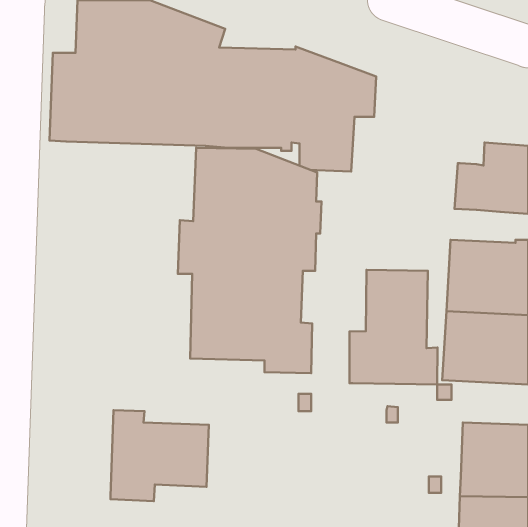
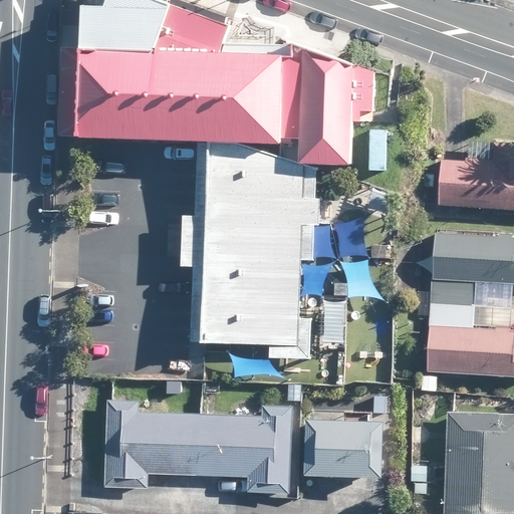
building: [349,270,438,384] -> none
building: none -> [201,405,295,492]
building: none -> [308,414,388,475]

